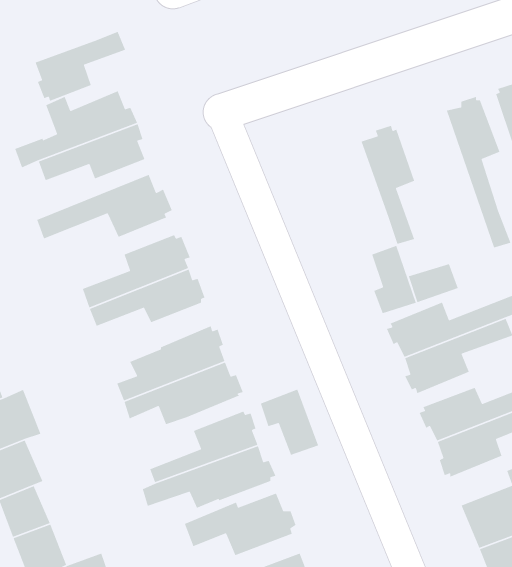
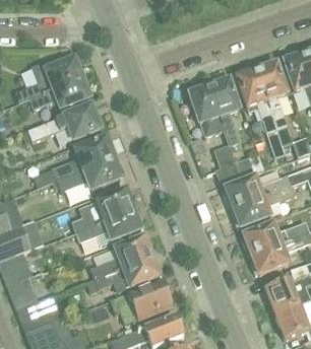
building: [34,31,126,102] -> none
building: none -> [236,69,284,153]
building: none -> [189,86,224,135]
building: [260,388,319,456] -> none

